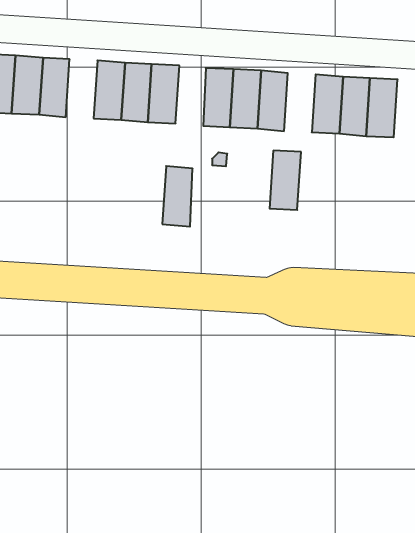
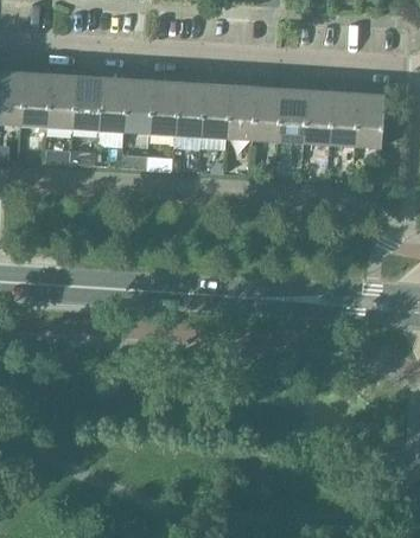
building: none -> [71,75,101,130]
building: [270,151,301,210] -> [276,88,306,143]
building: [162,166,193,227] -> [174,81,203,137]

